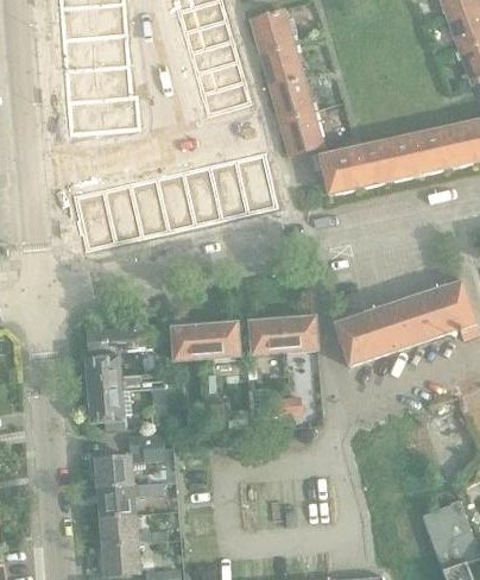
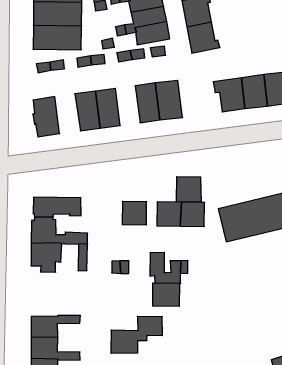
building: [280,108,323,152] -> none
building: [183,169,220,223] -> none
building: [103,187,141,241] -> none
building: none -> [176,177,201,202]
building: [173,324,208,358] -> none
building: none -> [153,283,180,306]
building: [95,434,164,488] -> [111,316,162,353]

